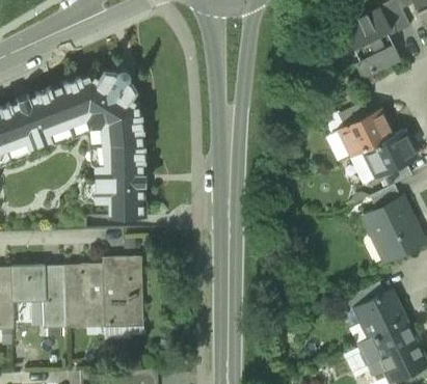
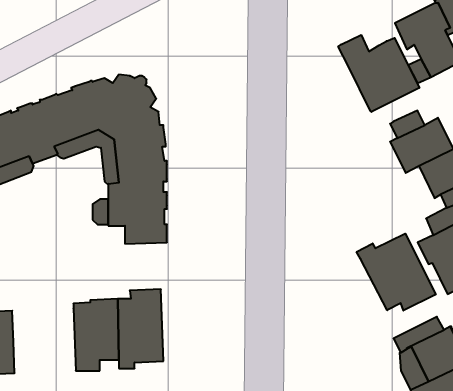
building: none -> [338,35,419,112]
building: none -> [357,234,436,311]
building: [11,267,66,328] -> none

